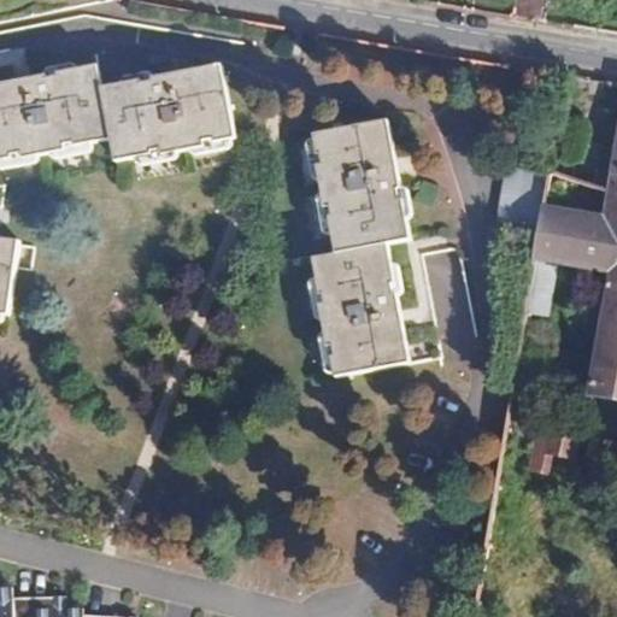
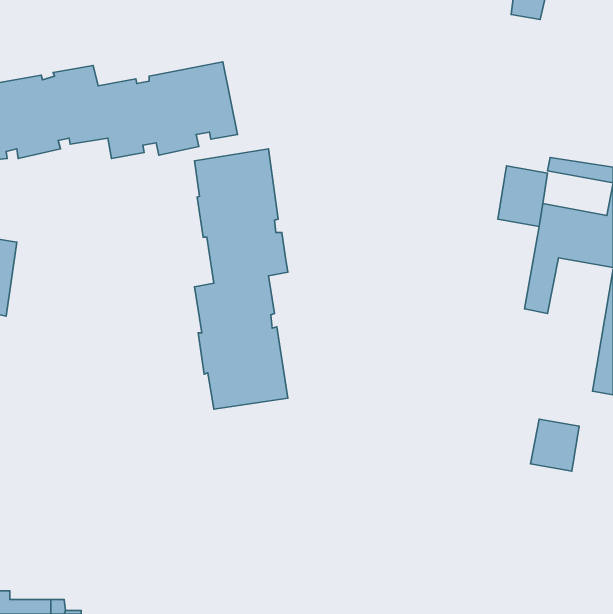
building: [313,119,406,378] -> [195,149,288,409]

